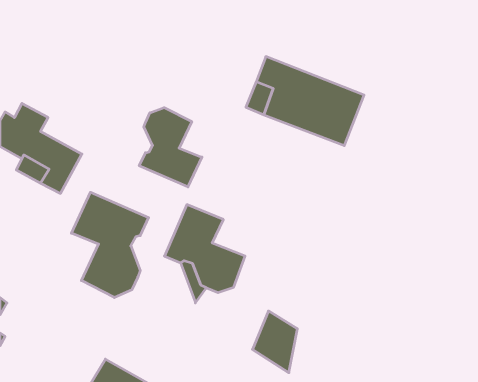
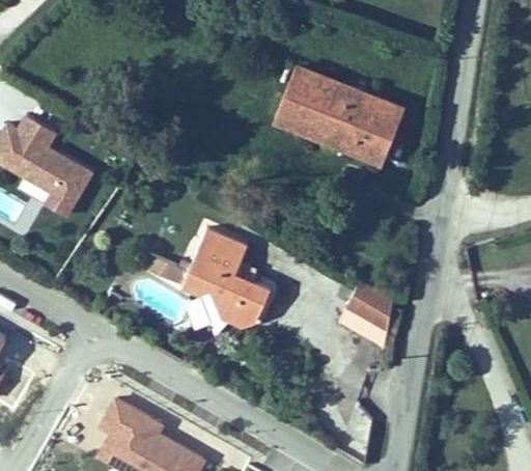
building: [139,108,202,187] -> none
building: [71,192,149,298] -> none
building: [252,311,297,373] -> [343,281,393,350]

